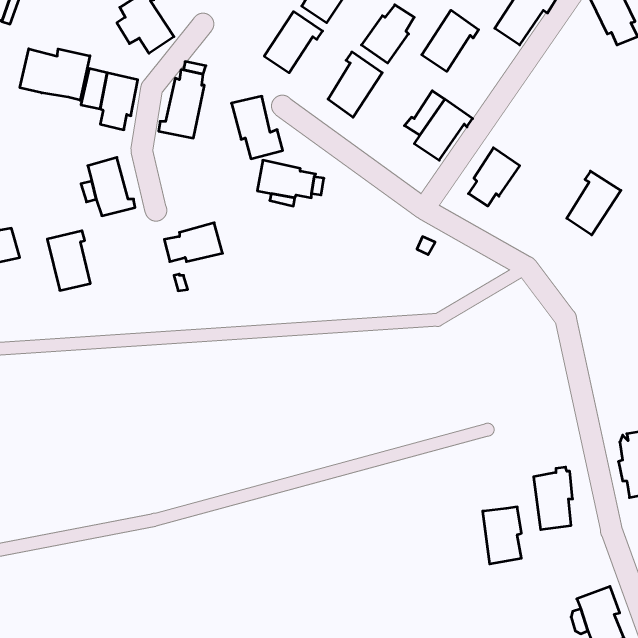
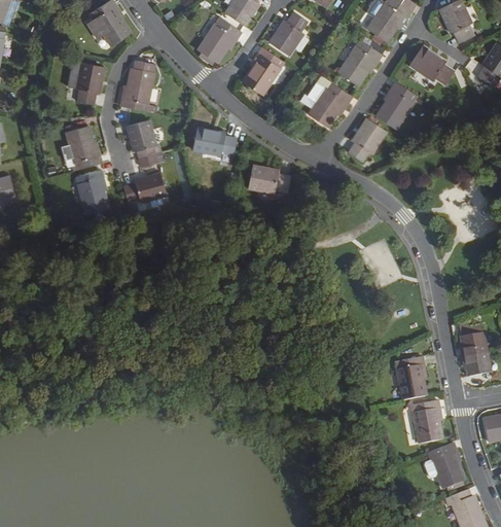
building: [422,10,479,71] -> [338,40,381,85]
building: [20,49,90,100] -> none
building: none -> [409,45,454,84]
building: [231,96,283,159] -> [127,119,165,166]
building: [567,171,621,235] -> [375,80,416,128]
building: none -> [247,165,289,191]
building: [47,231,90,290] -> [74,170,106,214]
building: [483,507,521,564] -> [414,401,442,444]

